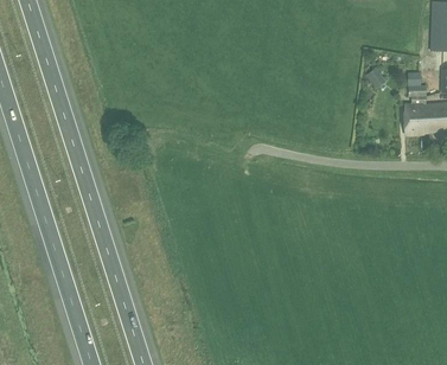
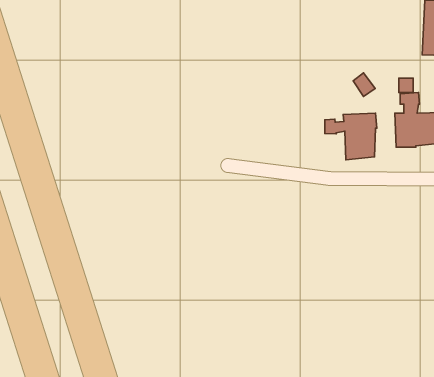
building: none -> [325,113,377,160]

